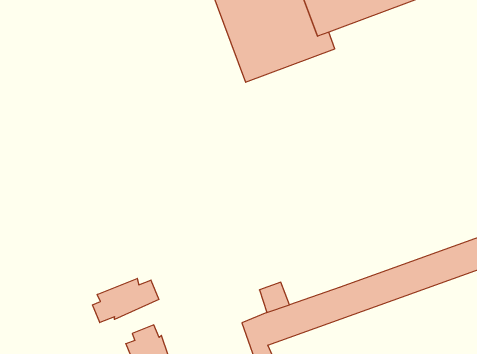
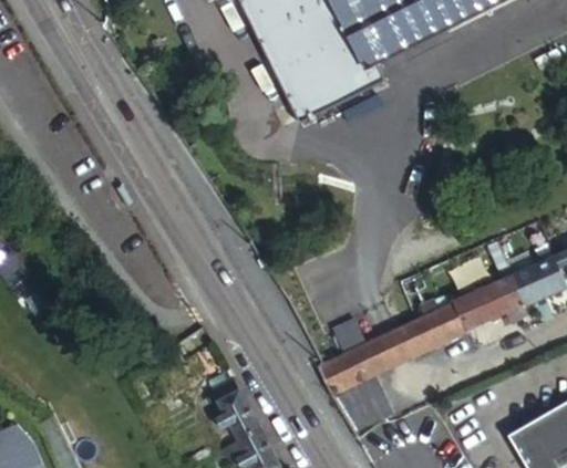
building: [93,278,159,323] -> none

